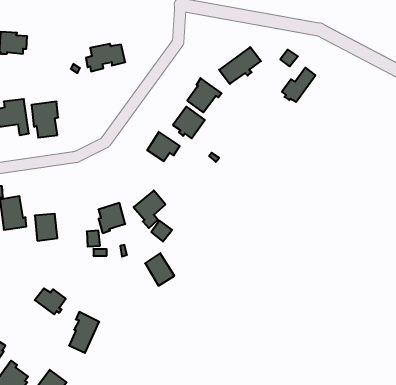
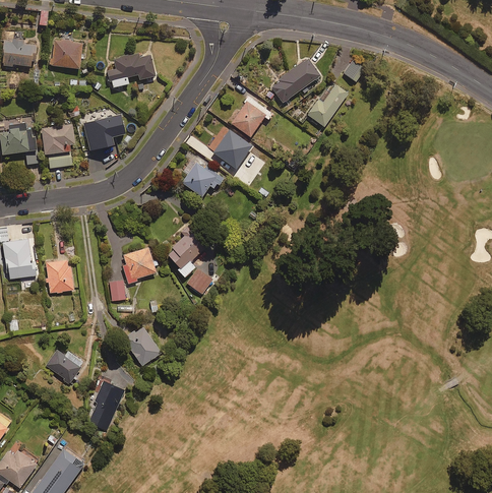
building: none -> [52,39,82,68]
building: [282,68,315,102] -> [307,84,348,126]
building: none -> [84,115,126,151]
building: [145,253,174,286] -> [125,326,161,366]

